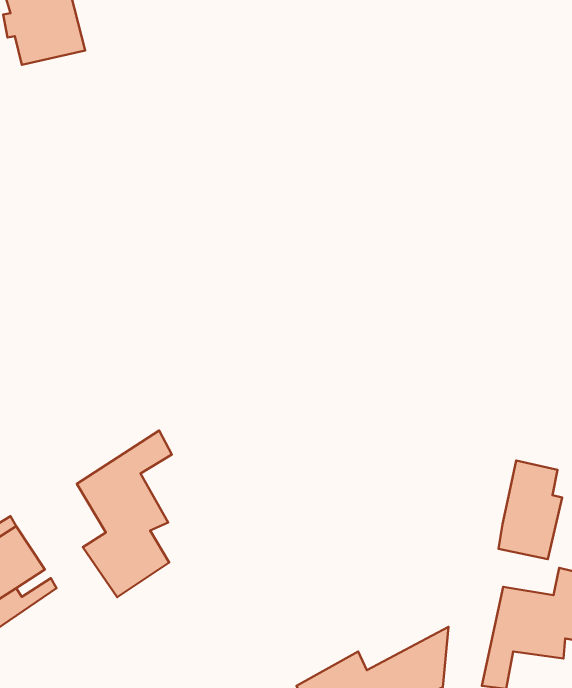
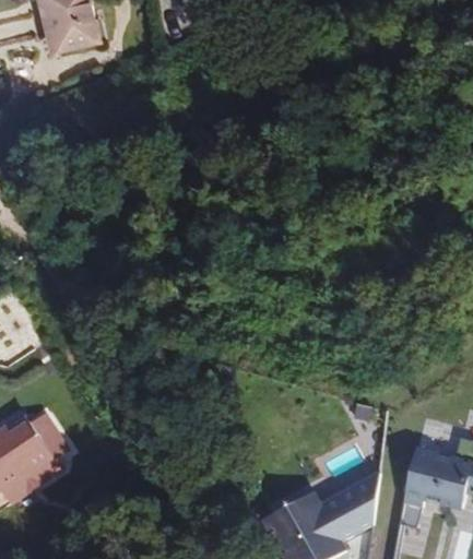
building: [77,430,172,597] -> none
building: [499,460,562,559] -> none

